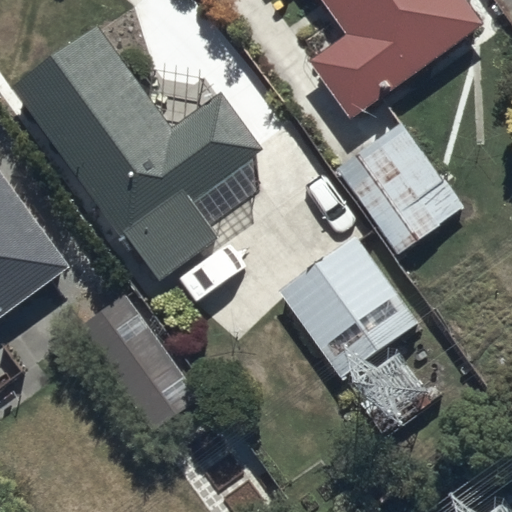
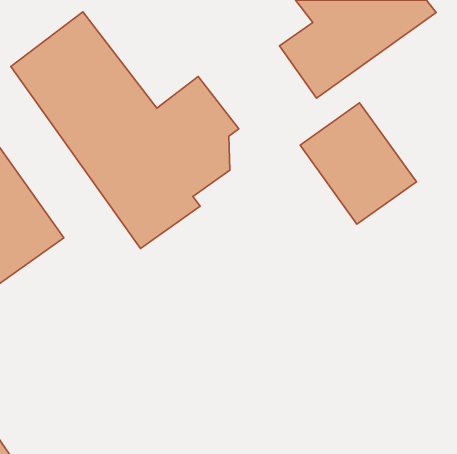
building: [273,230,418,380] -> none
building: [75,292,200,433] -> none

